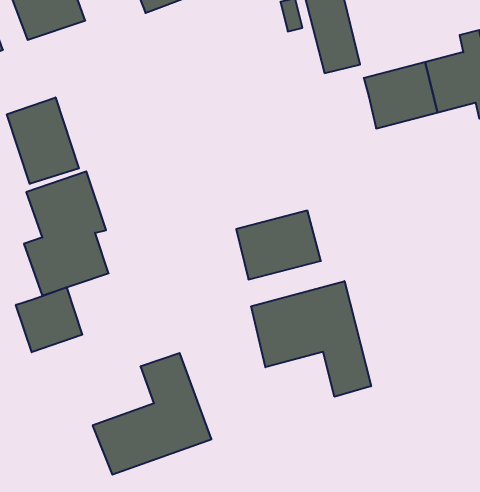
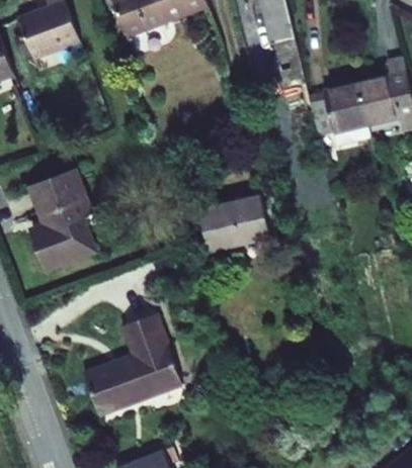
building: [7,97,79,184] -> none
building: [251,281,371,397] -> none
building: [16,287,82,352] -> none

